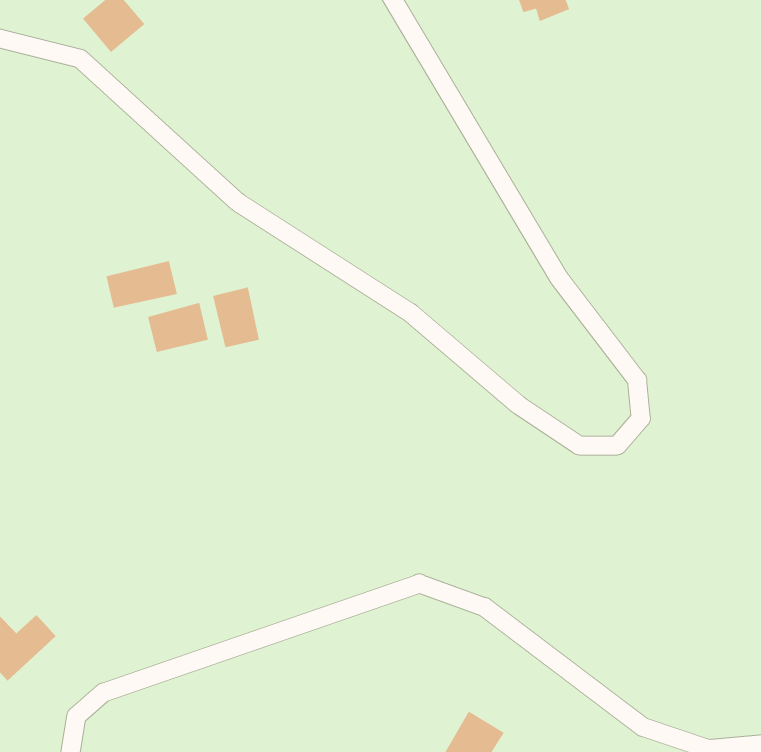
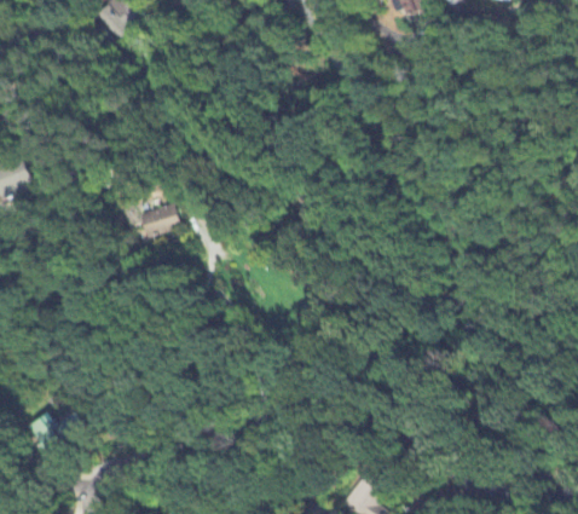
building: [106,260,178,309] -> none
building: [212,287,260,348] -> none

